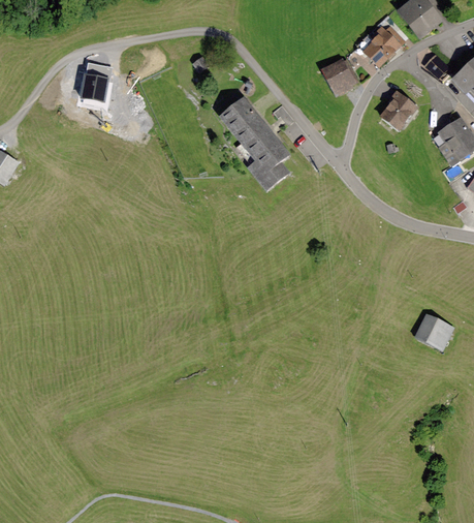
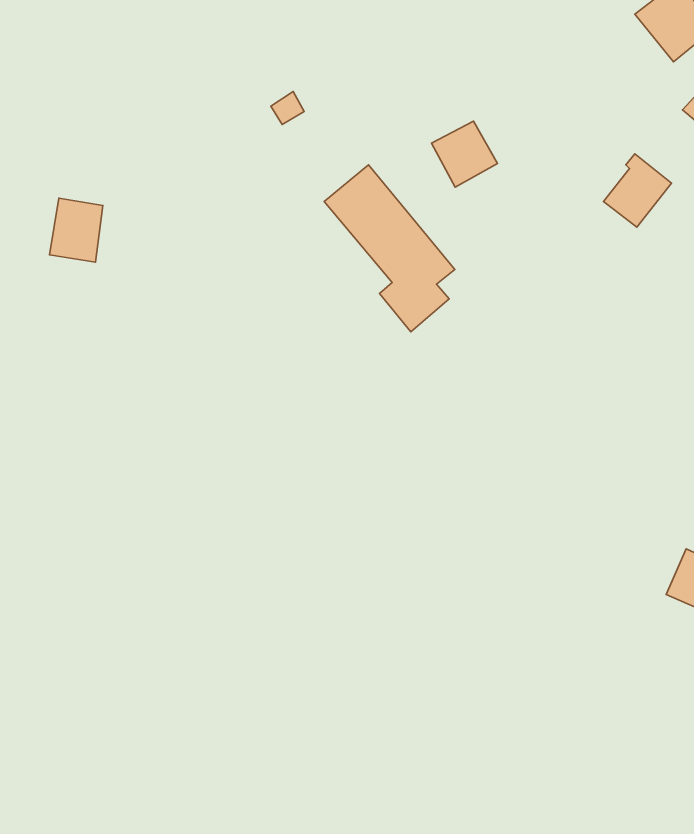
building: [361,24,405,66] -> none
building: [320,57,357,94] -> [431,121,498,187]
building: [76,62,106,98] -> [49,198,103,262]

